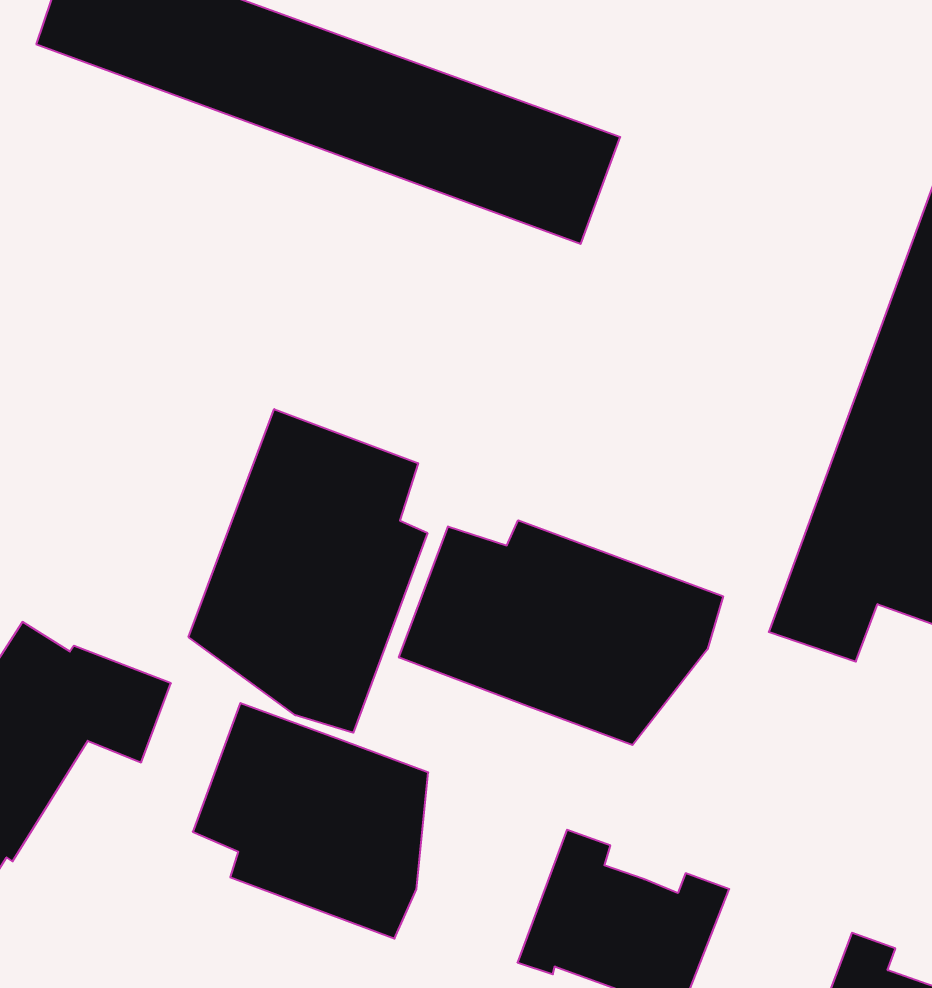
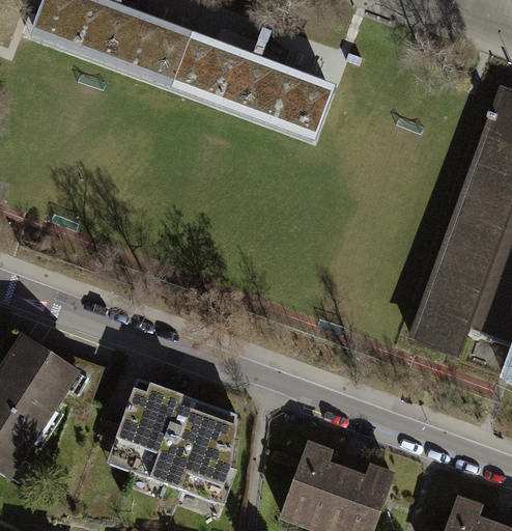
building: [189,409,427,733] -> none
building: [399,520,723,745] -> none

